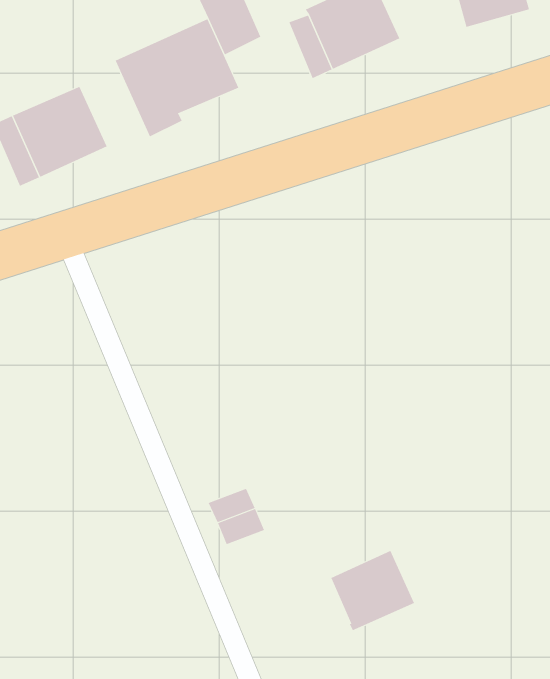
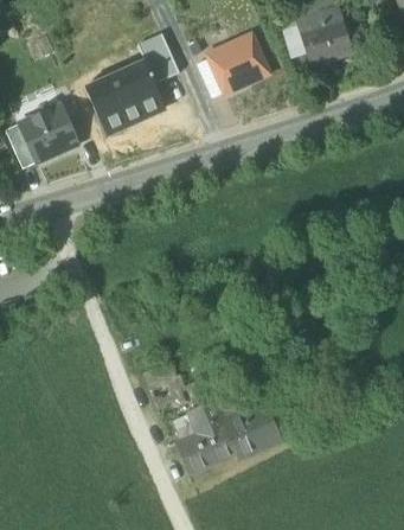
building: none -> [174,398,236,473]

